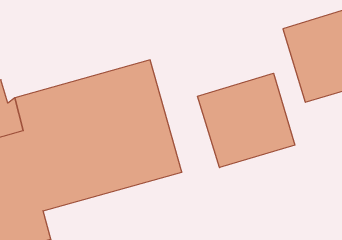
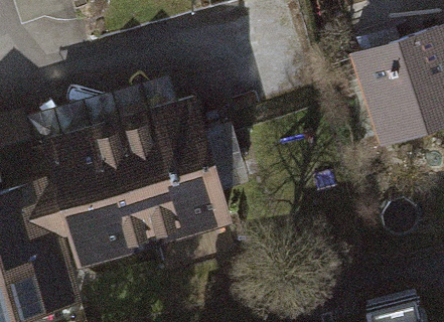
building: [198,73,295,168] -> none

